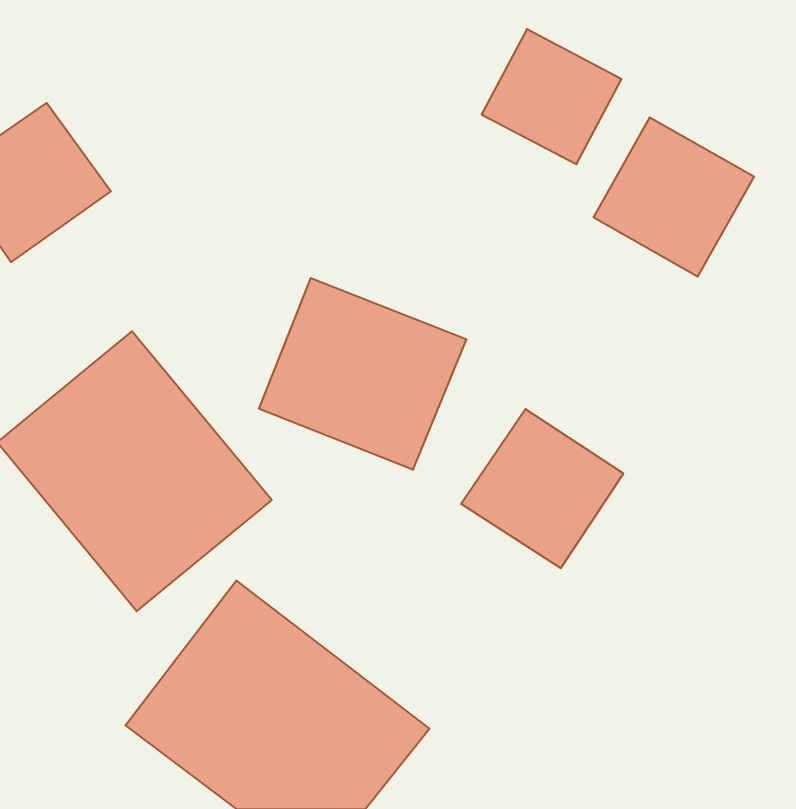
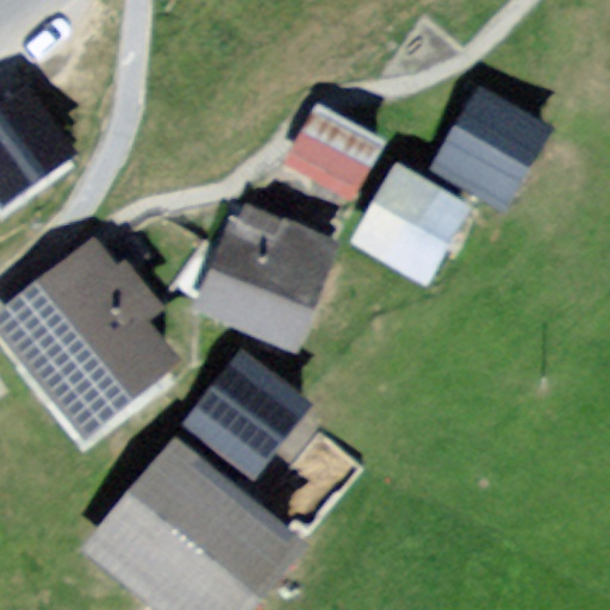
building: [482,29,622,164] -> [276,99,380,199]
building: [461,409,623,568] -> [355,166,475,284]
building: none -> [195,356,324,480]

